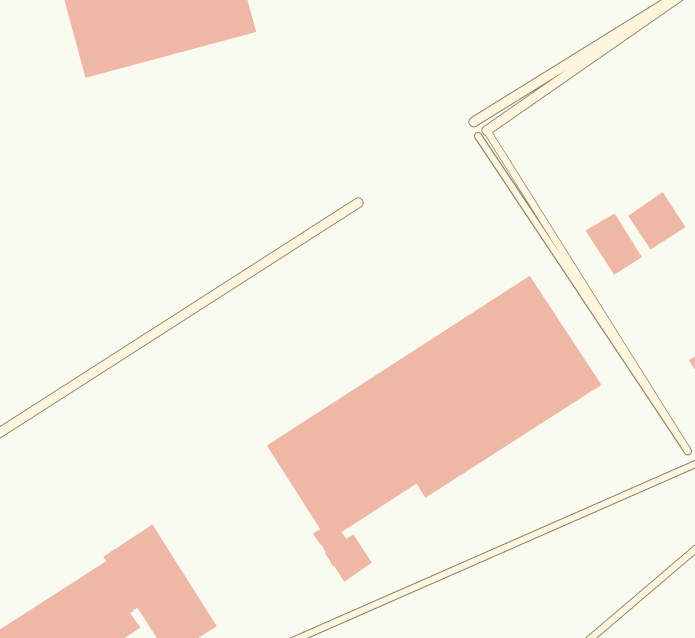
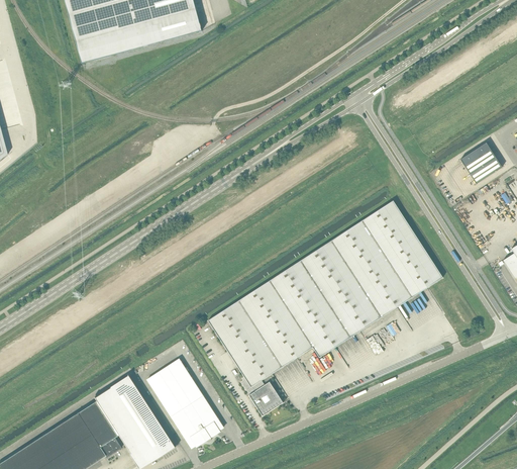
building: [585,212,643,276] -> none
building: none -> [147,358,220,446]

